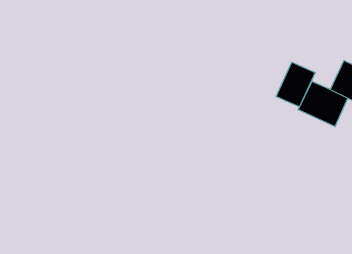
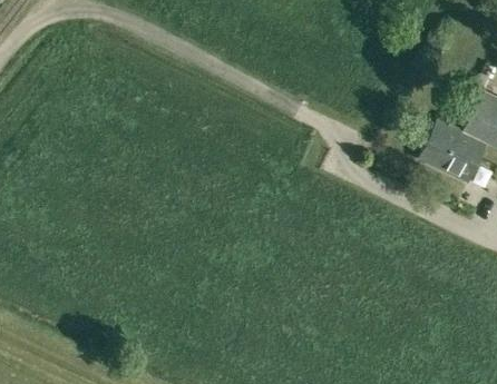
building: [276,62,315,107] -> none

